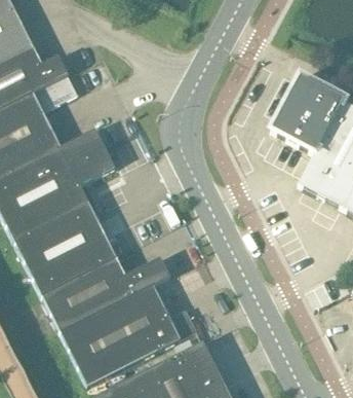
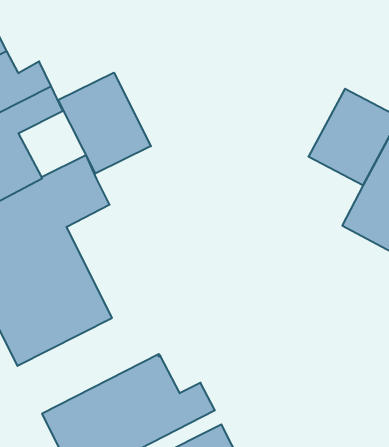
building: none -> [58,73,151,173]
building: [41,257,170,333] -> none

